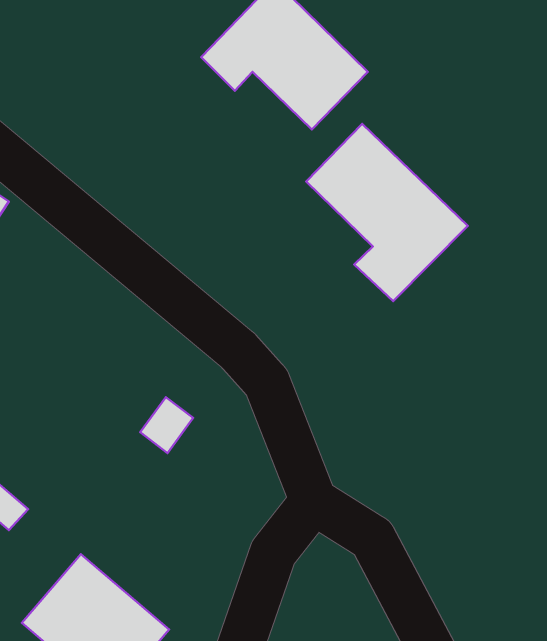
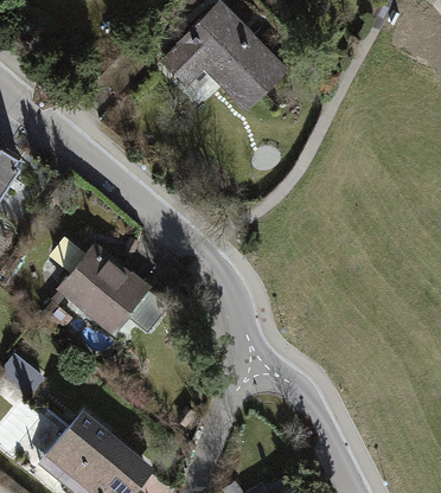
building: [306,124,468,301] -> none
building: none -> [62,239,152,327]

